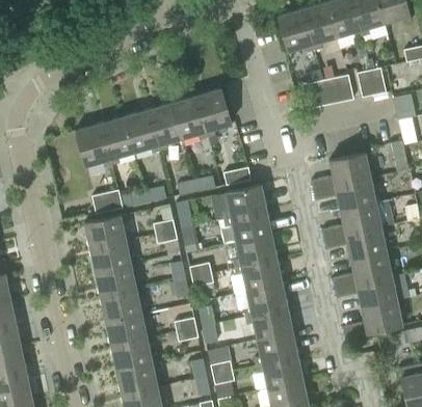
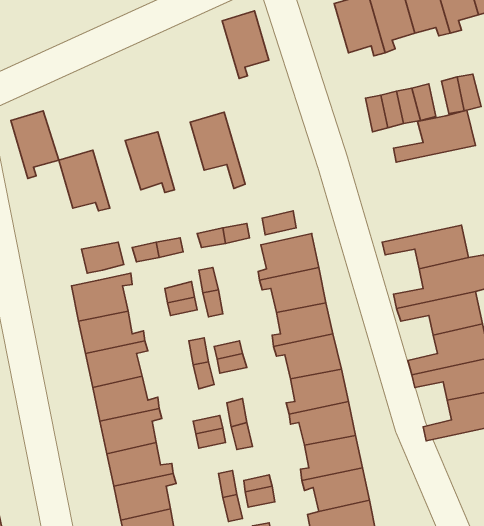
building: [196,88,231,138] -> [222,11,269,79]
building: [148,103,182,153] -> none
building: [100,116,135,166] -> [11,111,59,179]
building: [311,153,371,191] -> [393,110,475,162]

